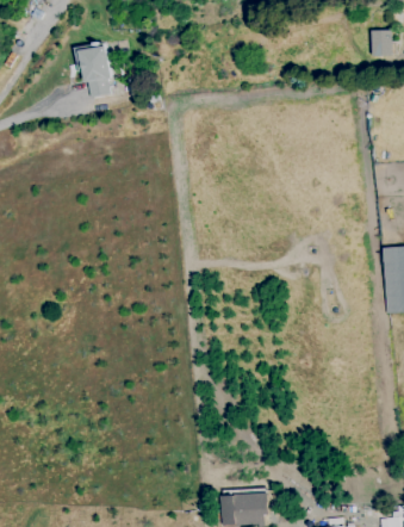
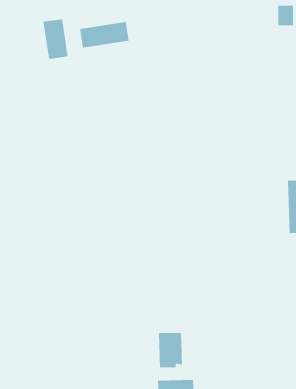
building: none -> [79,21,130,48]
building: none -> [158,332,183,368]

